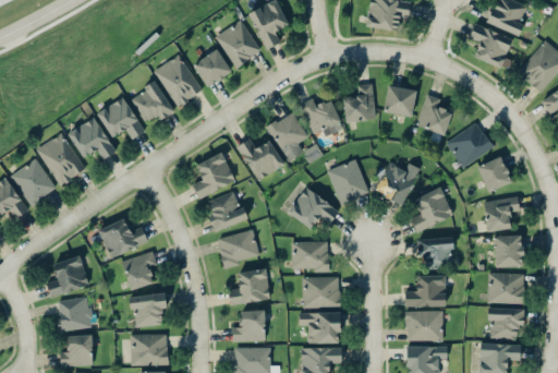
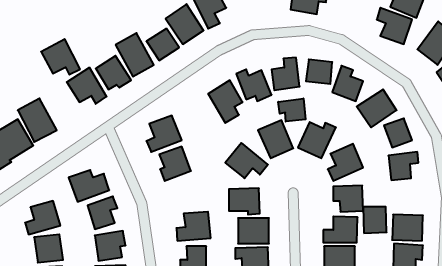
building: [69,117,116,159] -> [41,39,80,75]
building: none -> [278,98,306,122]
building: [238,137,286,181] -> none
building: [217,229,260,267] -> none
building: [495,236,523,267] -> [363,207,387,233]

